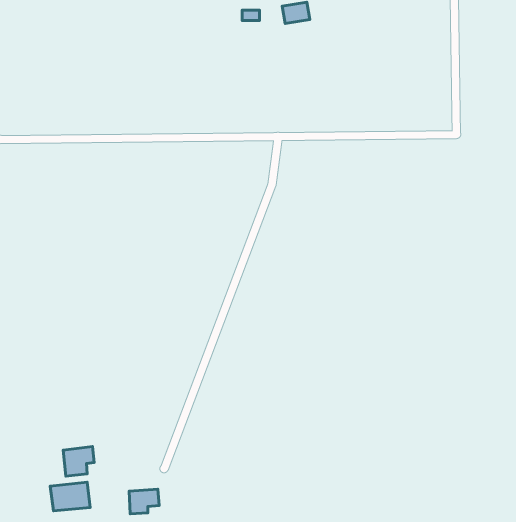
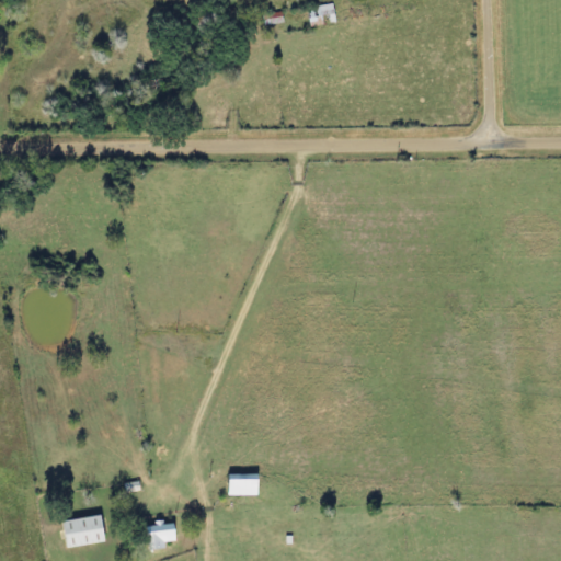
building: none -> [228,473,259,494]
building: [63,447,94,476] -> none

